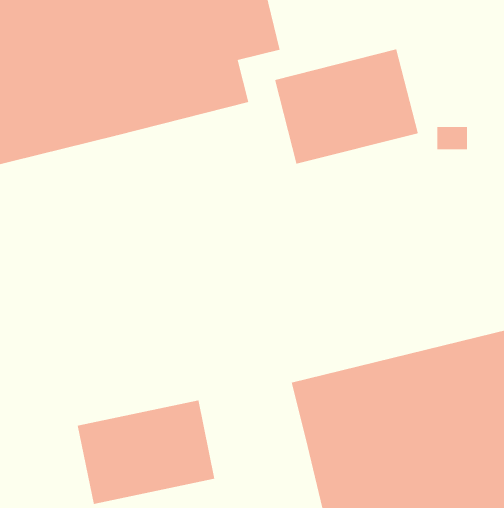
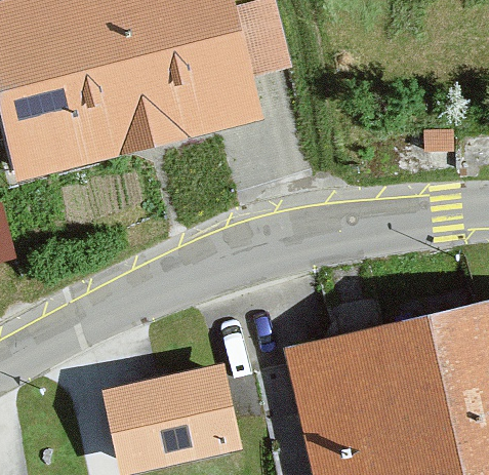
building: [274,49,418,165] -> none

